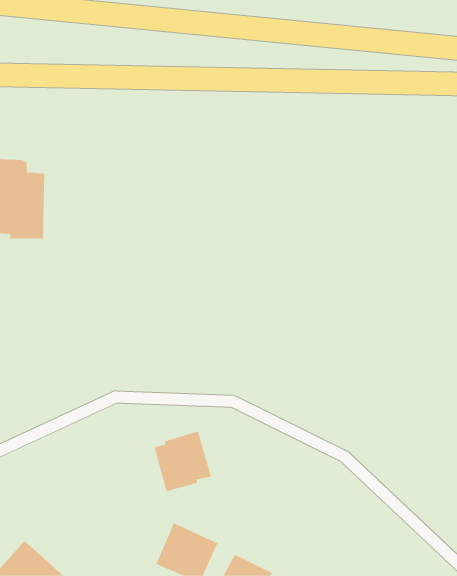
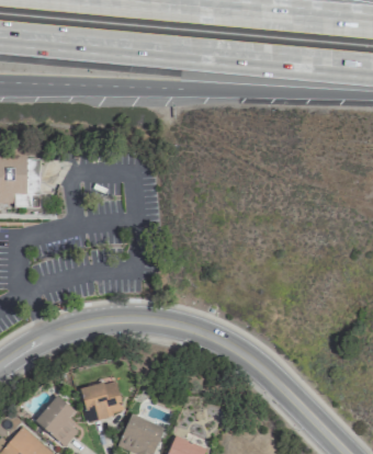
building: [154,431,212,492] -> [81,376,124,421]
building: none -> [36,396,79,446]

